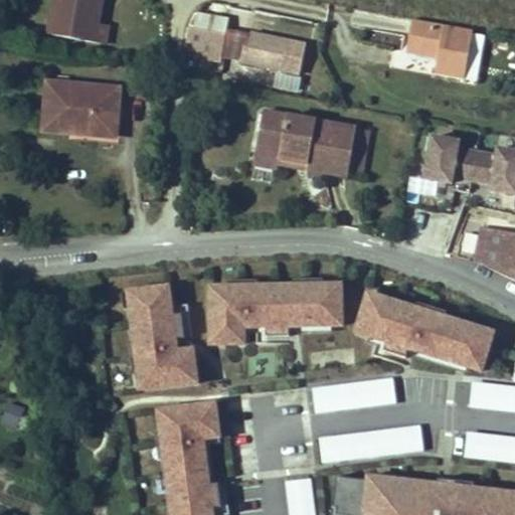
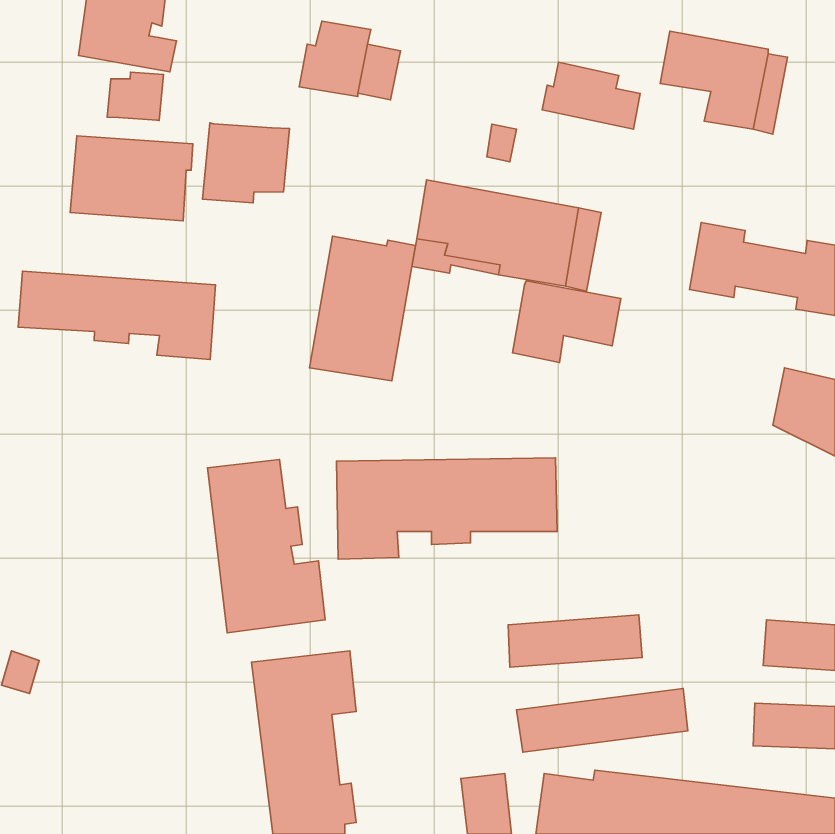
building: [240,32,301,73] -> [542,62,640,129]
building: none -> [107,72,164,121]
building: none -> [203,123,289,203]
building: none -> [310,236,415,381]
building: none -> [18,271,216,360]
building: none -> [513,281,621,362]
building: [353,291,495,372] -> none

